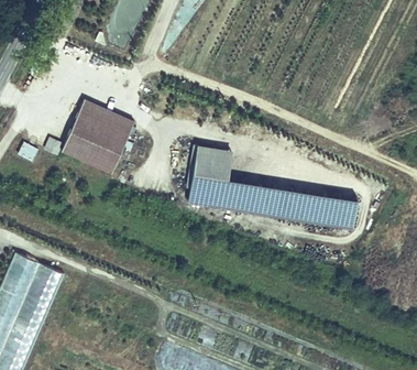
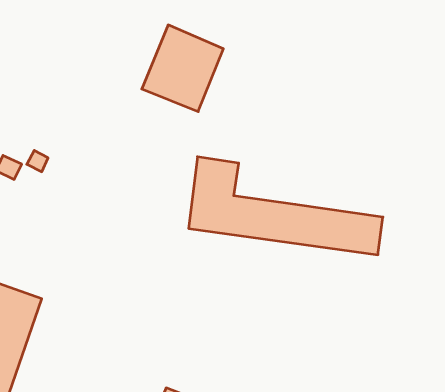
building: [62,101,133,177] -> [142,25,223,112]

